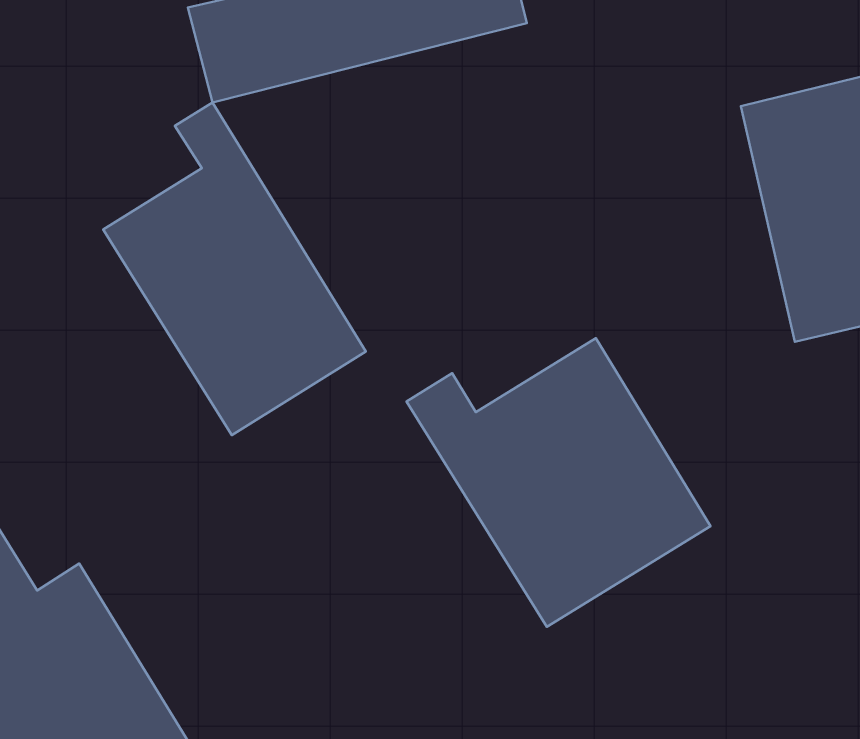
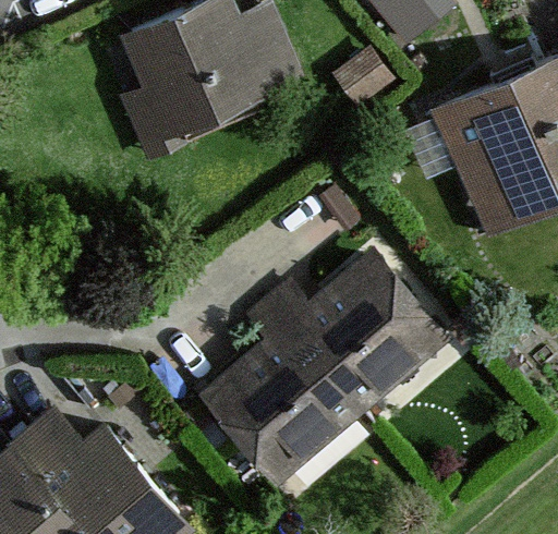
building: [103,102,366,435] -> none
building: none -> [207,303,368,487]

